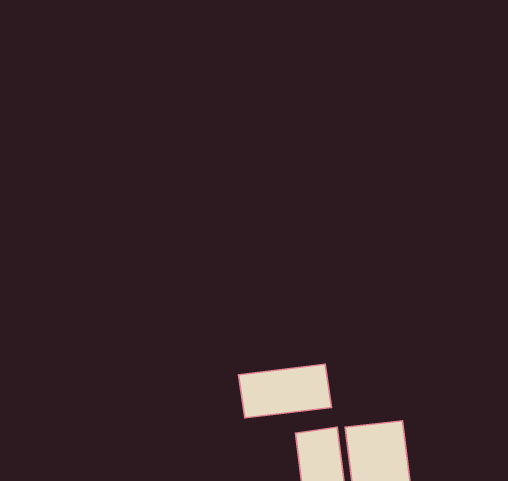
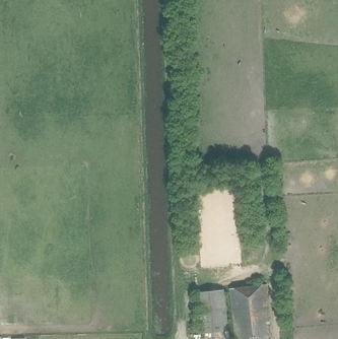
building: [239,364,331,418] -> none

